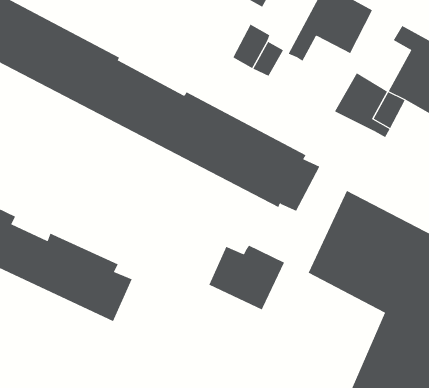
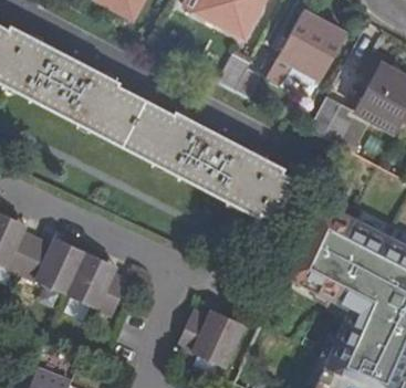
building: [208,245,285,310] -> [176,311,243,368]

